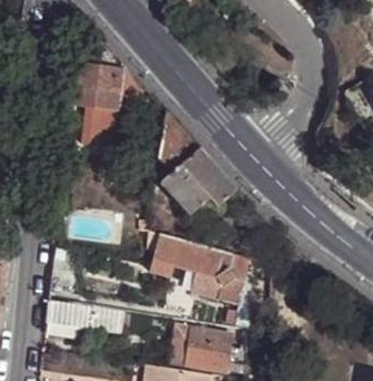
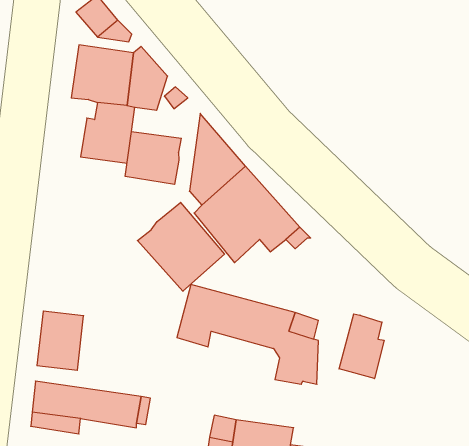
building: none -> [125,132,181,184]
building: none -> [137,202,225,291]
building: none -> [339,314,384,379]

